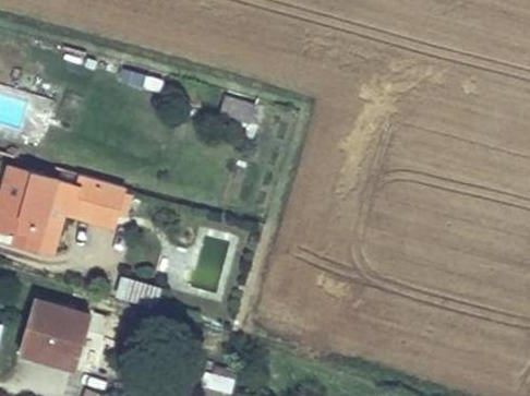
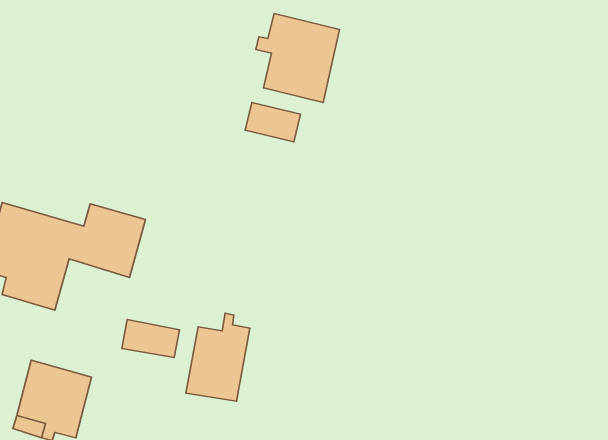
building: none -> [256,13,340,102]
building: none -> [186,313,250,401]

